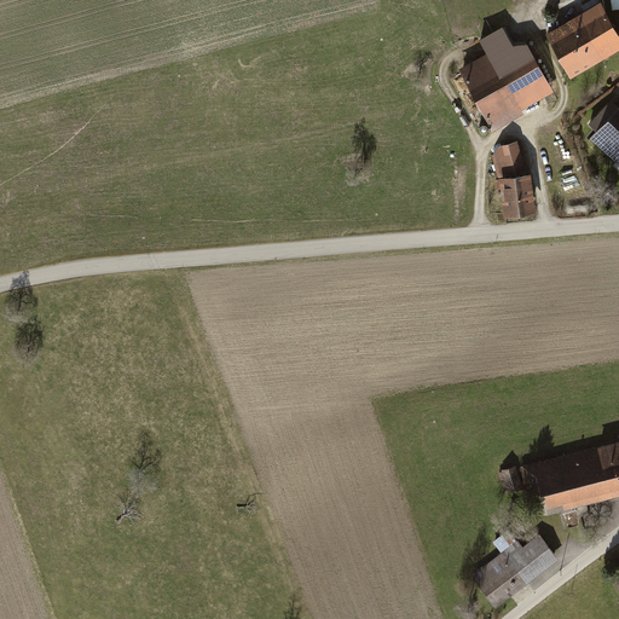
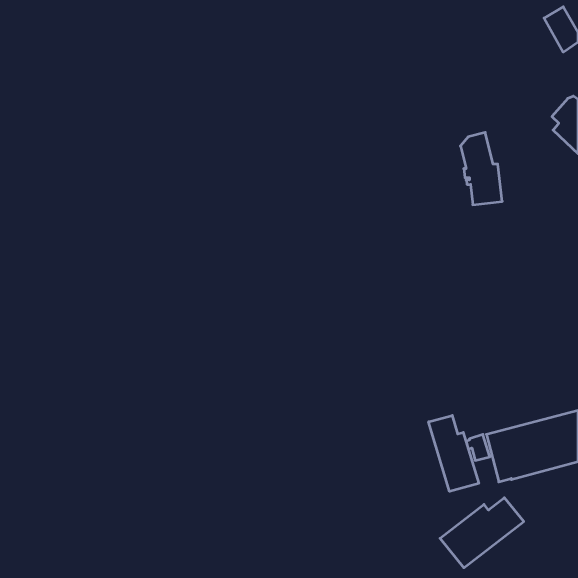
building: [549,19,602,74] -> none
building: [459,28,555,132] -> none
building: none -> [429,415,479,491]

